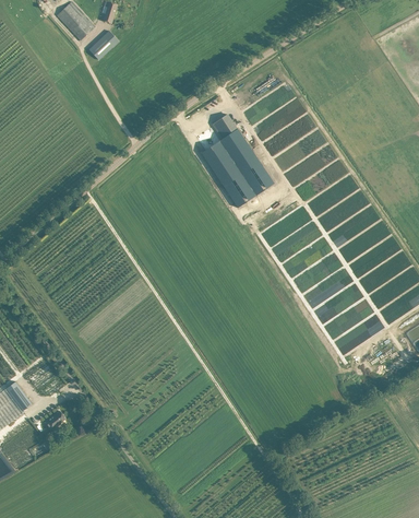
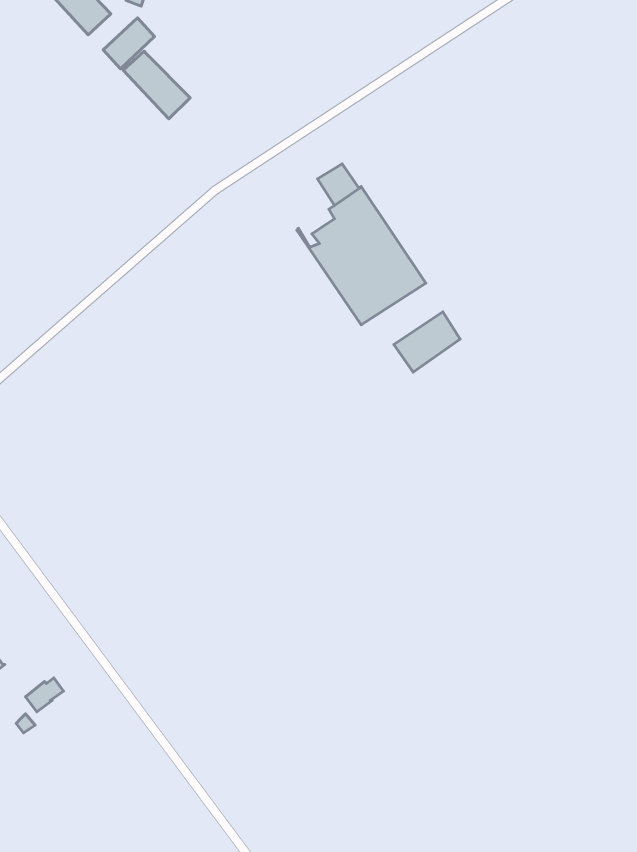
building: none -> [123,51,190,119]
building: none -> [394,312,460,372]

